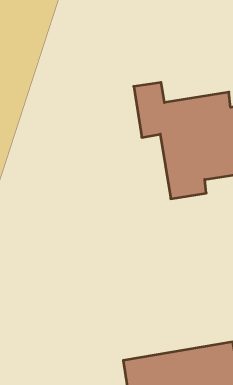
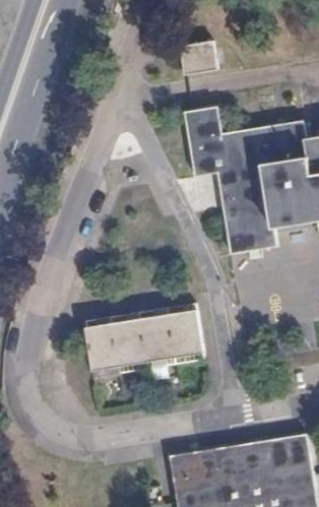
building: none -> [180,41,218,74]
building: none -> [82,312,199,371]

